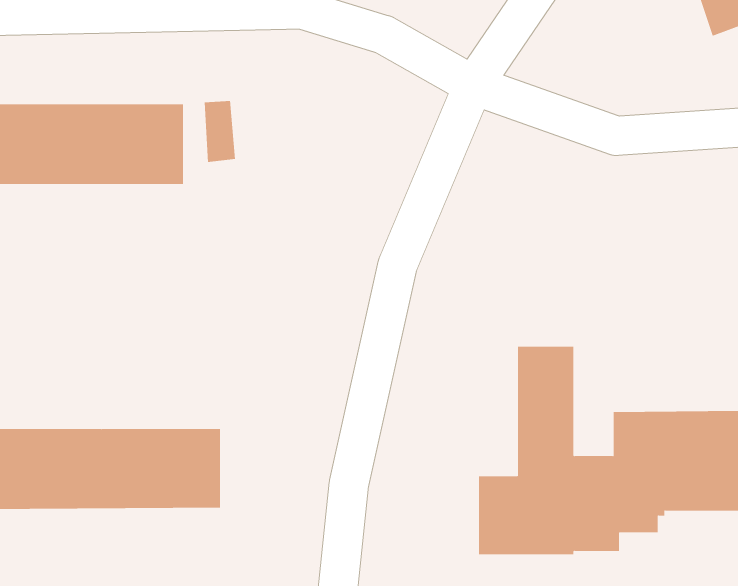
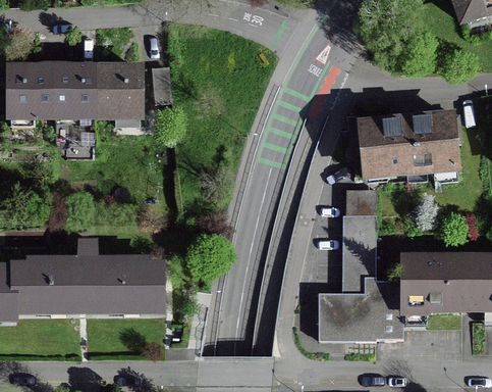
building: none -> [357,109,463,181]
building: none -> [346,188,377,213]

